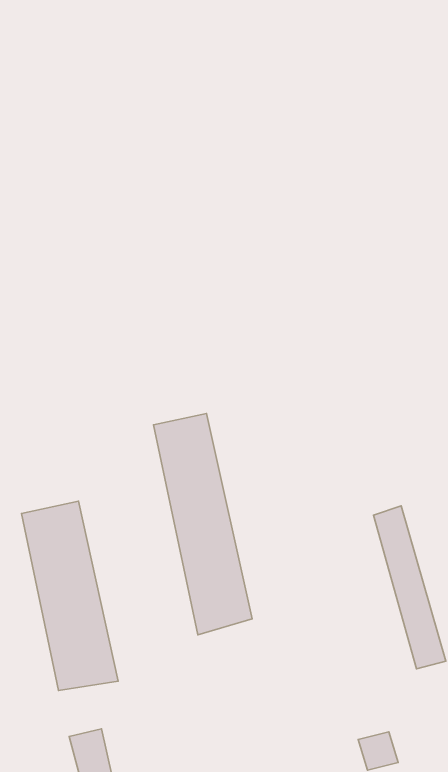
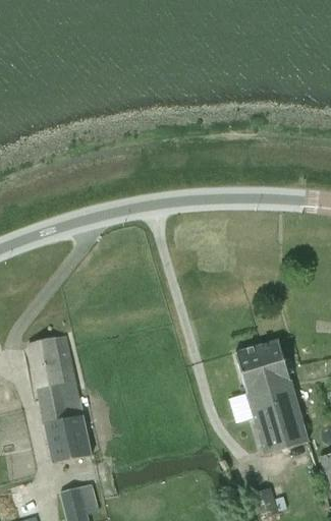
building: [153,413,252,635] -> none
building: none -> [235,345,289,454]

